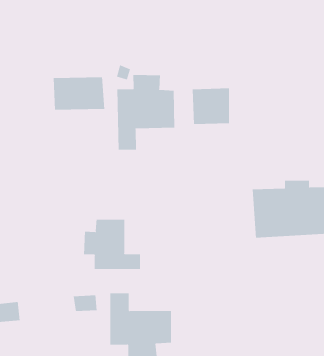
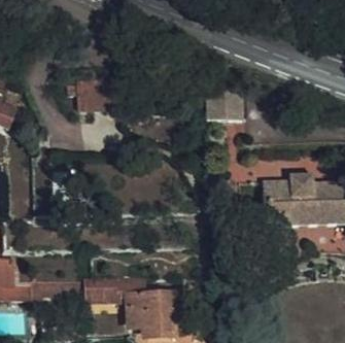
building: [117,74,175,150] -> none
building: [83,219,141,270] -> none

